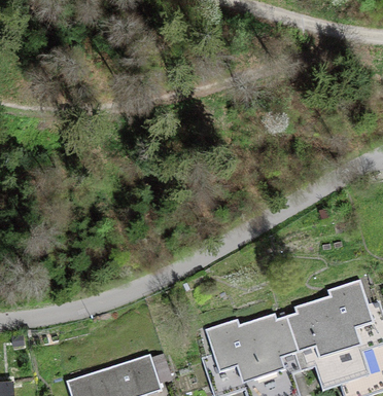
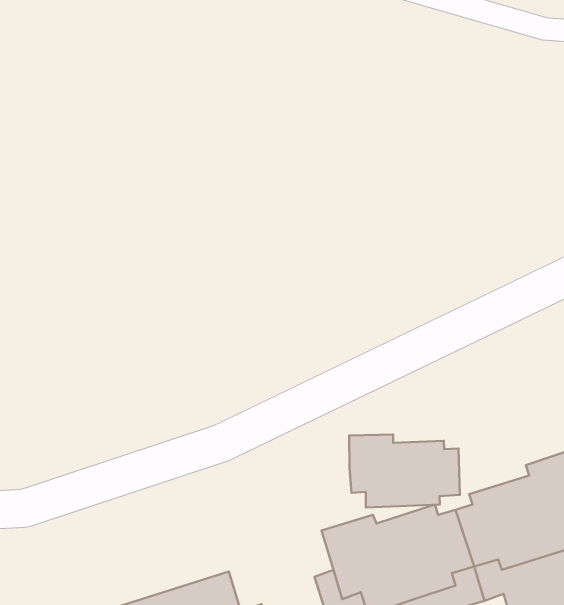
building: none -> [349,435,460,507]

